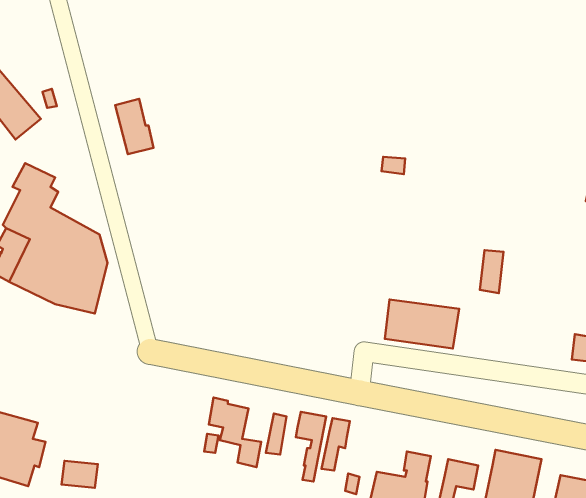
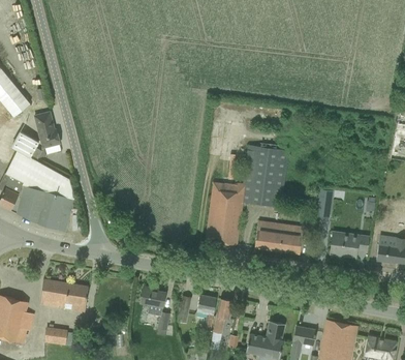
building: [115,99,153,154] -> [35,112,60,148]
building: none -> [206,145,288,245]
building: none -> [331,235,369,258]
building: none -> [40,279,89,312]

